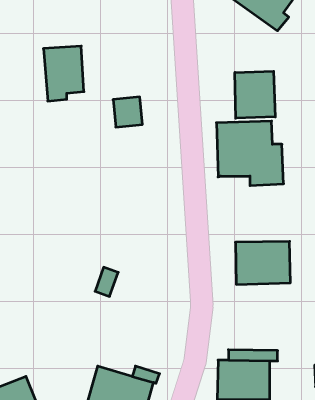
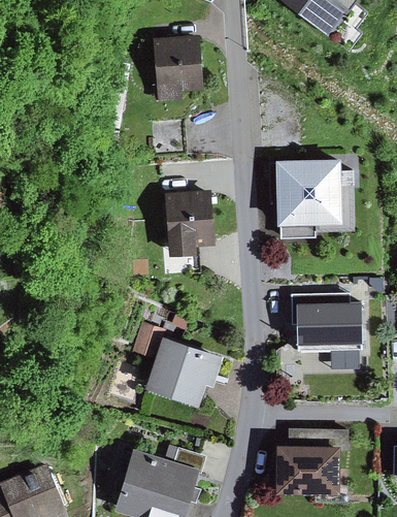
building: [43,46,84,101] -> [154,43,202,109]
building: [235,71,275,118] -> none
building: none -> [162,194,213,254]
building: none -> [147,335,223,403]

